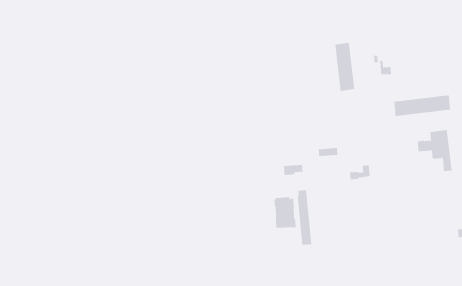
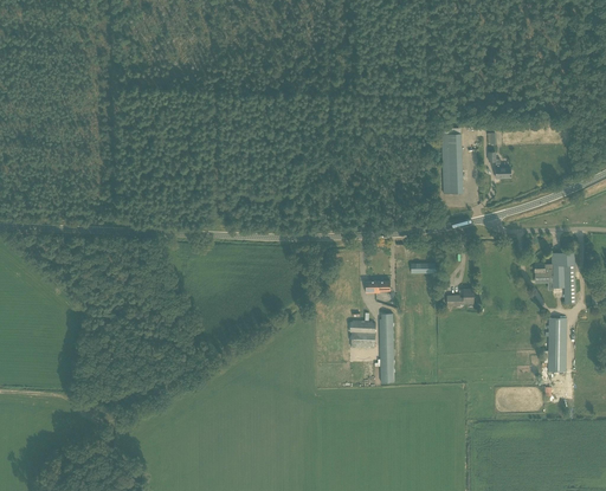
building: [394,94,451,117] -> none
building: none -> [544,318,566,372]

